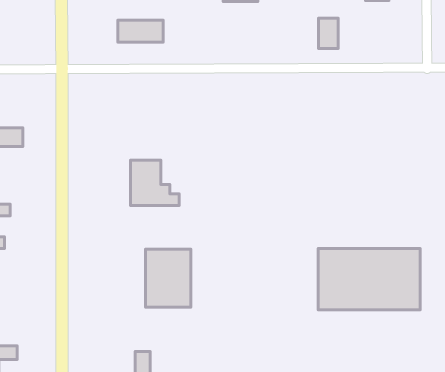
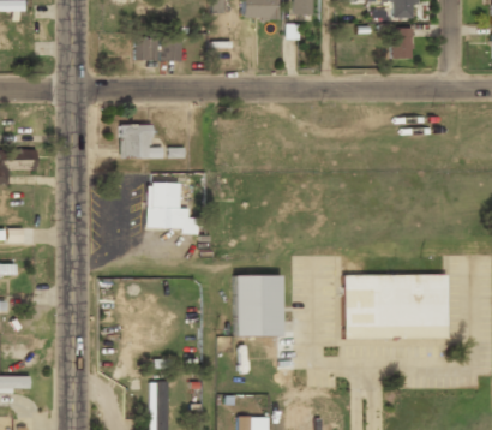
building: [318,18,338,48] -> [391,28,412,59]
building: none -> [121,125,161,159]
building: [146,249,191,307] -> [234,275,281,335]

